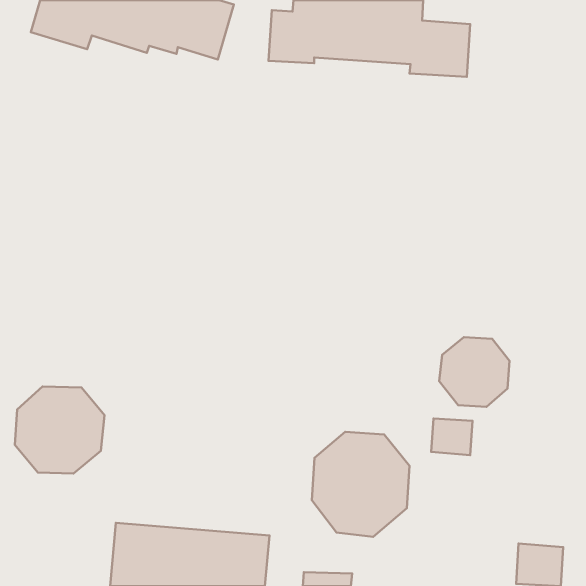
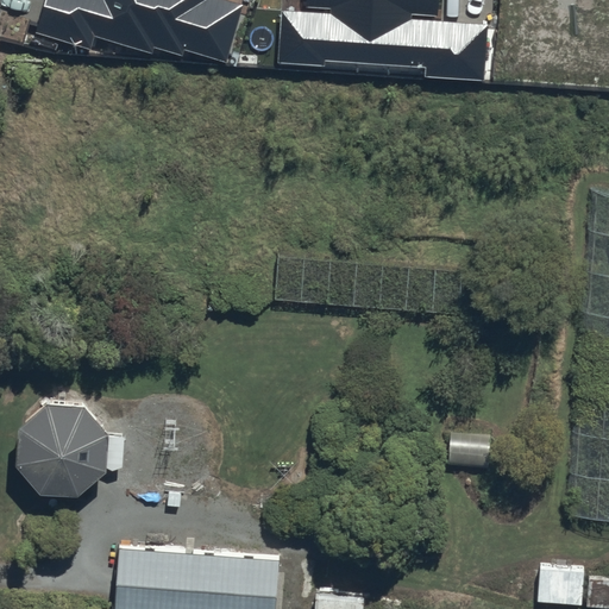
building: [439,337,509,407] -> none
building: [312,432,410,537] -> none

